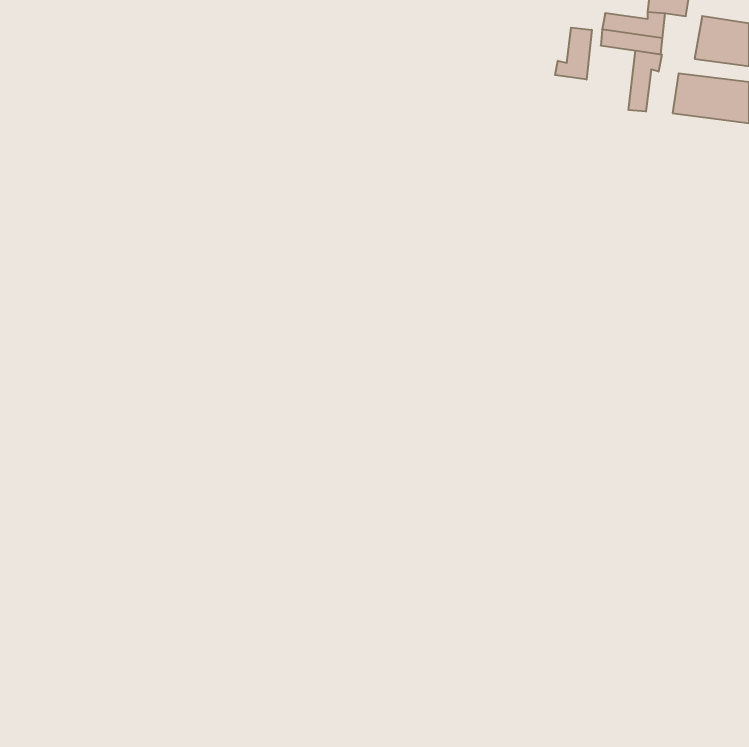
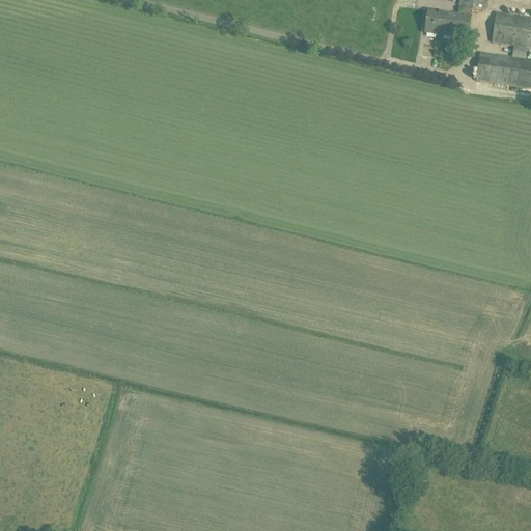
building: [555,28,592,80] -> none
building: [629,51,662,112] -> none

